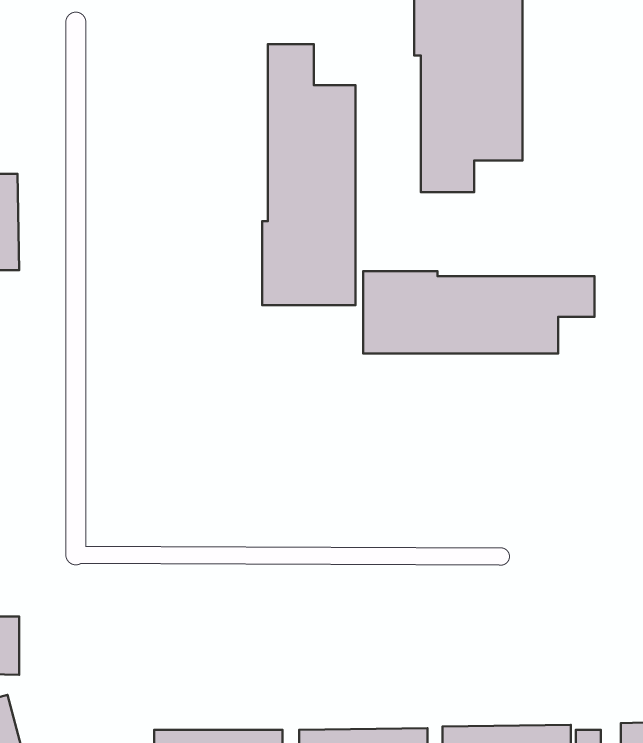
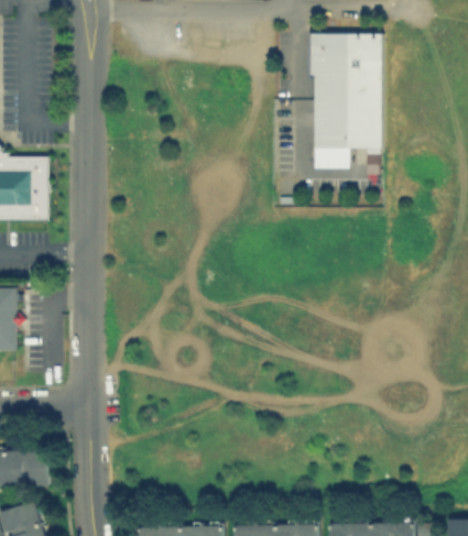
building: [262,44,355,305] -> none
building: [363,271,594,354] -> none

